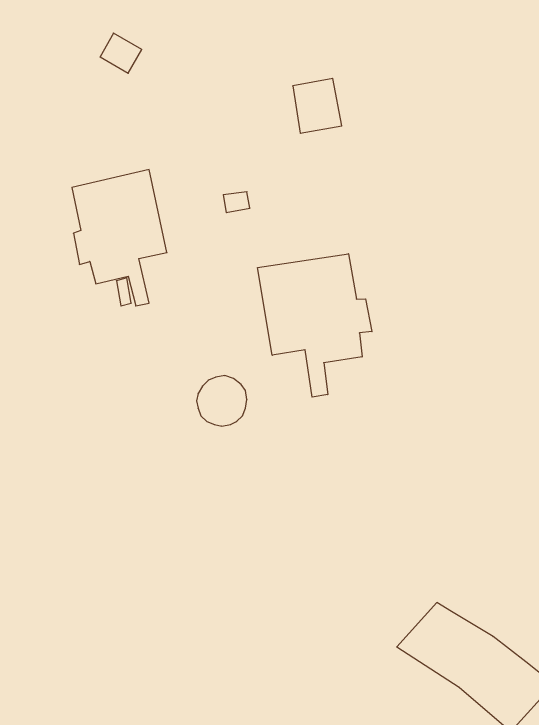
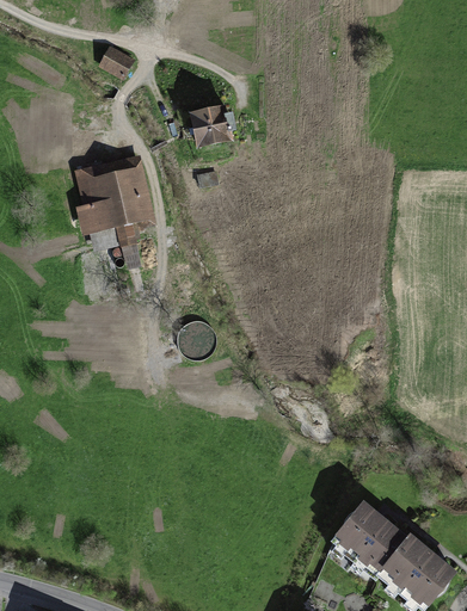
building: [293,78,342,133] -> [193,103,233,147]
building: [258,254,372,397] -> none

